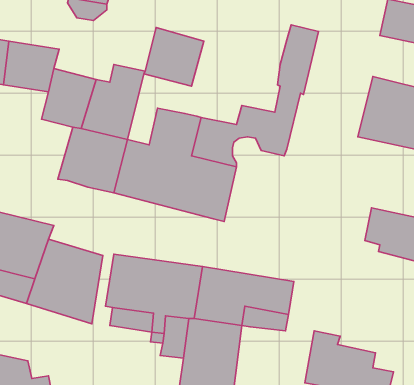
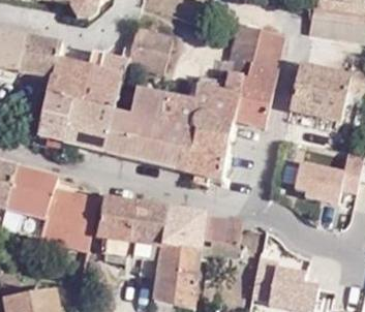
building: none -> [236,29,284,124]
building: none -> [40,95,73,141]
building: none -> [188,108,234,185]

